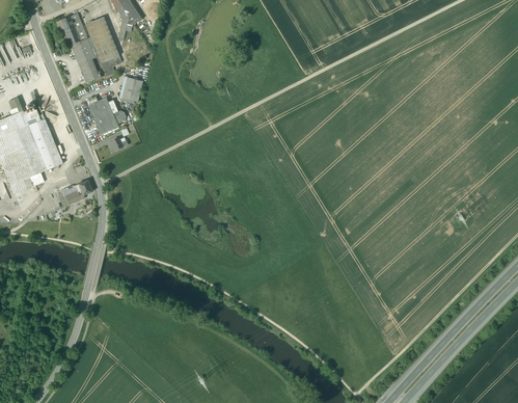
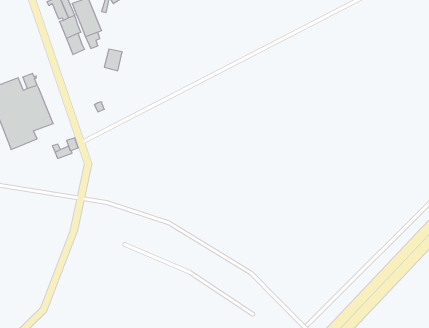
building: [87,98,125,134] -> none

